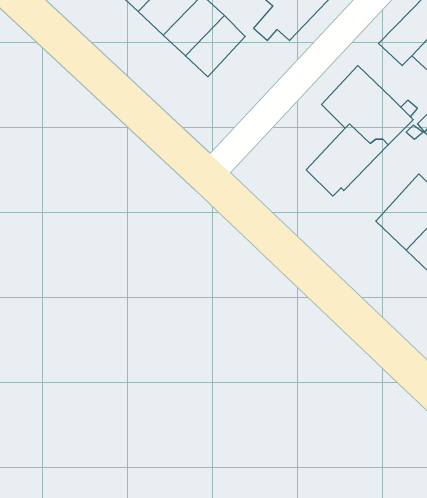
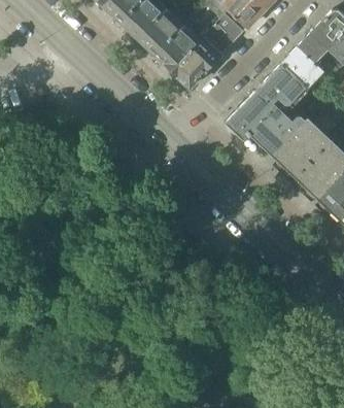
building: none -> [171,37,219,88]
building: none -> [282,44,323,86]
building: none -> [226,90,273,138]
building: none -> [272,116,328,176]

